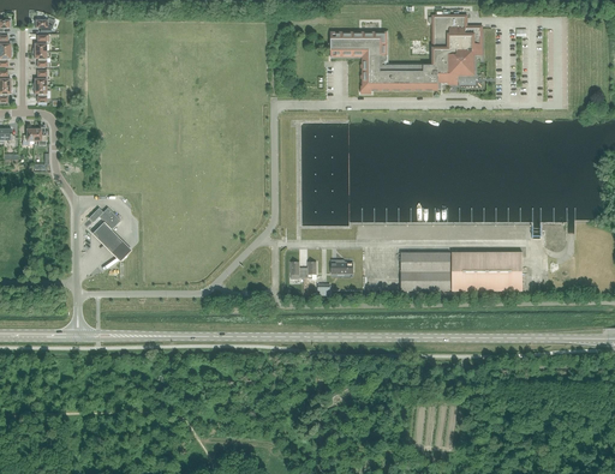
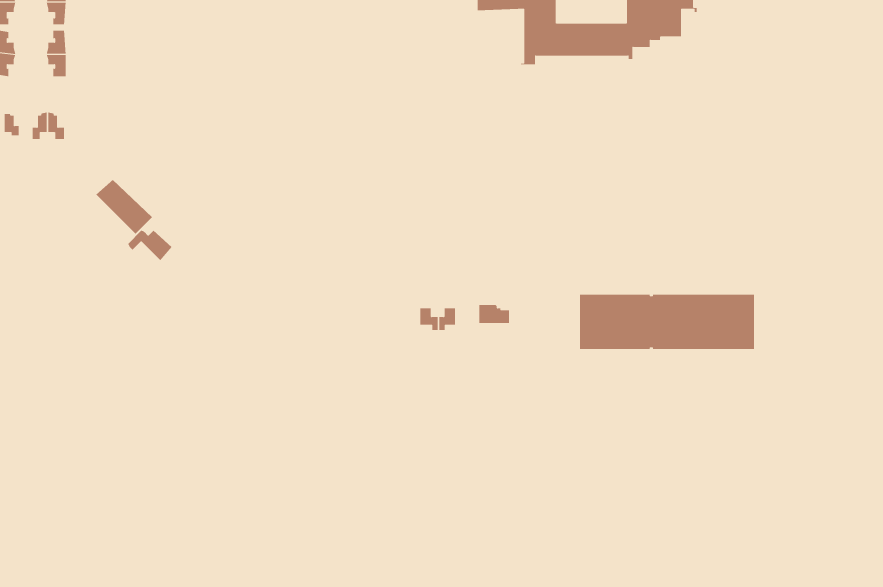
building: [91,222,131,260] -> [95,179,153,235]

